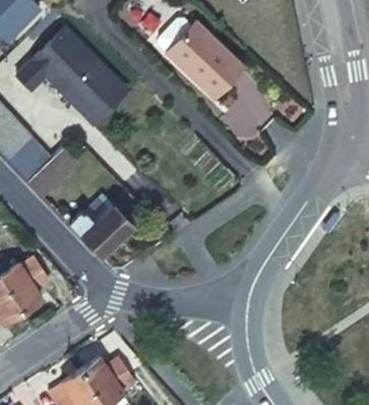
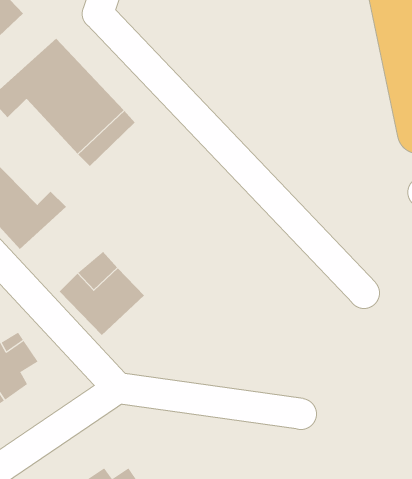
building: [165,19,243,97] -> none

